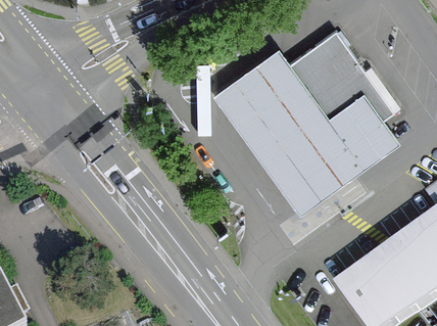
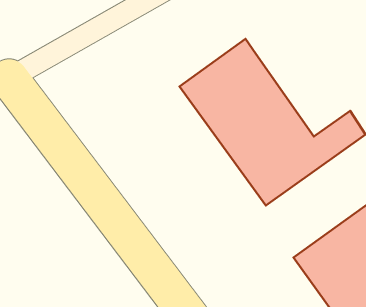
building: [291,33,396,149] -> none

